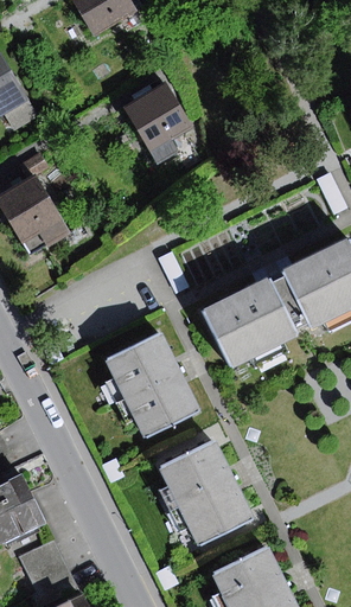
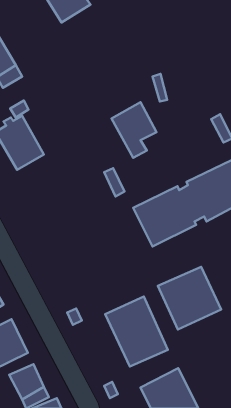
building: [127,84,193,166] -> [111,102,157,158]
building: [107,332,198,434] -> none
building: none -> [158,267,221,330]

